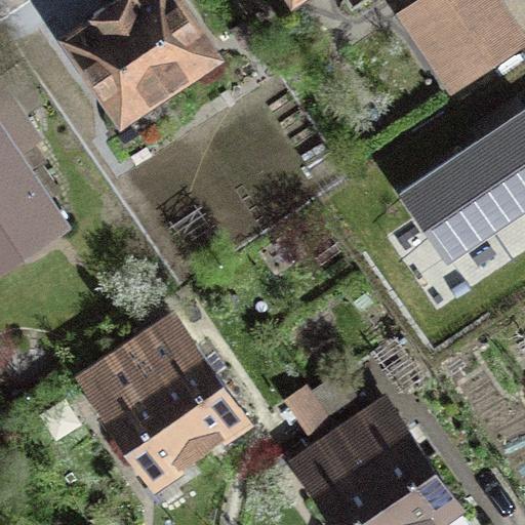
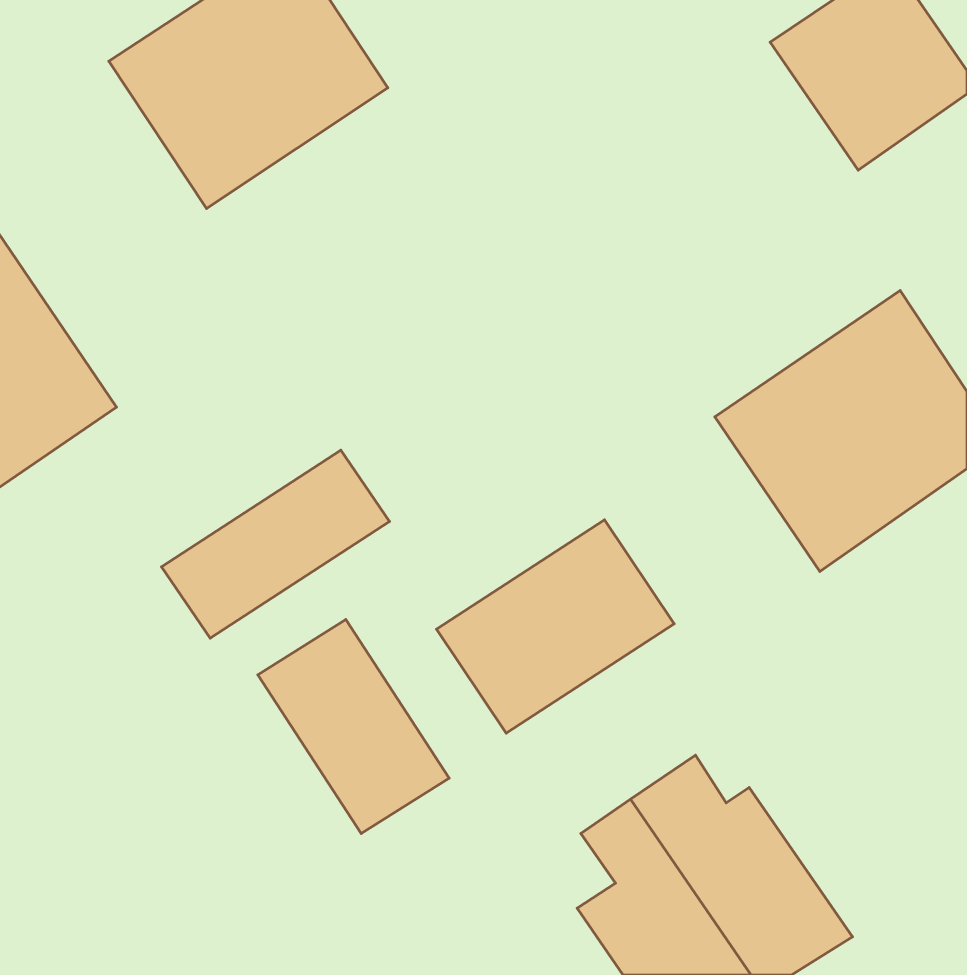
building: none -> [162,450,389,638]
building: none -> [437,520,674,733]
building: [92,362,194,477] -> none

